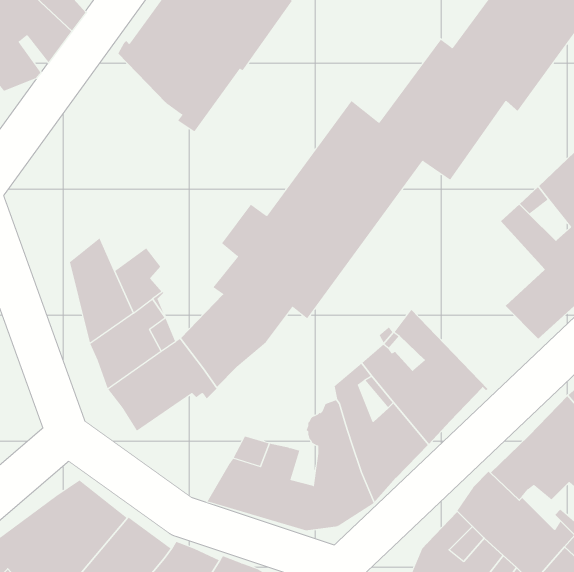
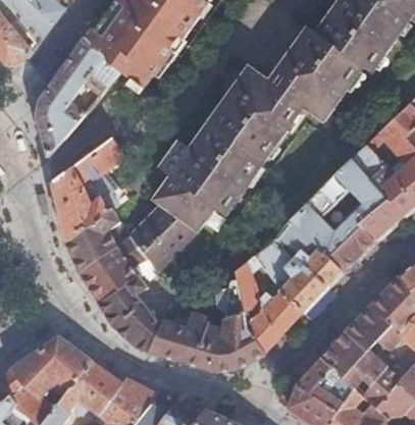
building: none -> [36,35,118,160]
building: none -> [72,138,124,191]
building: none -> [290,156,382,273]
building: none -> [98,276,162,352]

